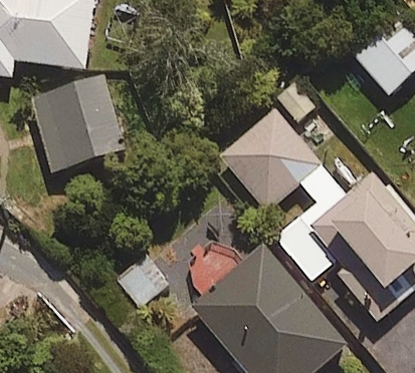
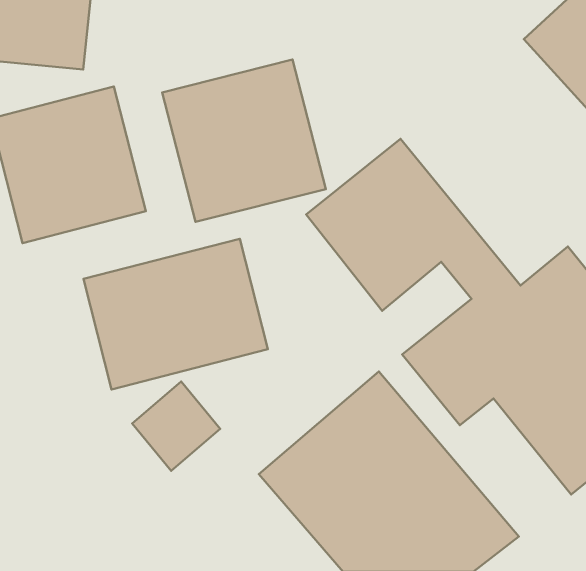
building: none -> [162,59,326,222]
building: none -> [83,239,268,389]

